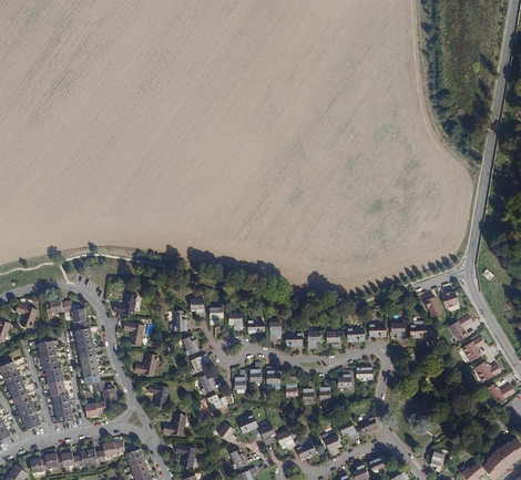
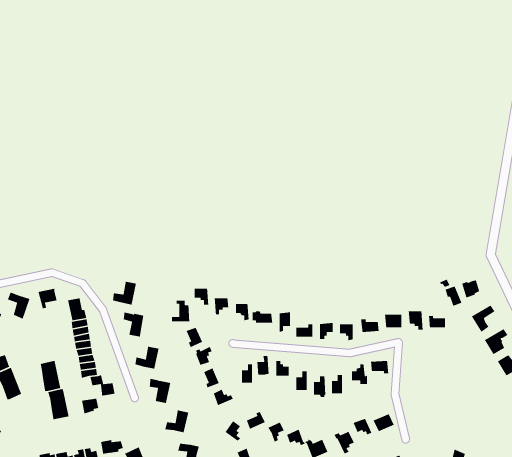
building: [38,340,59,370] -> none
building: [17,398,41,430] -> none

